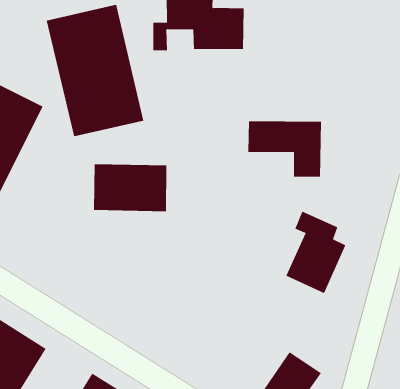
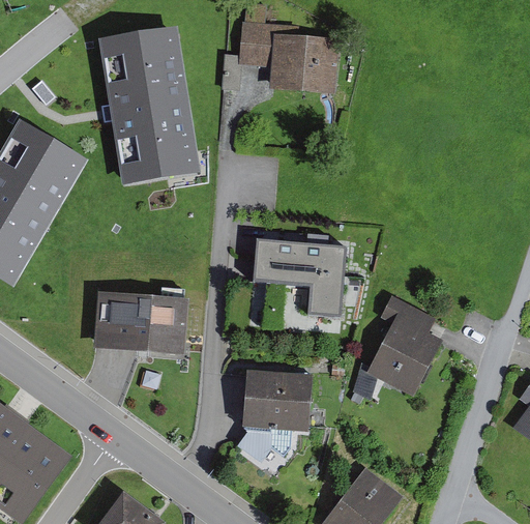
building: [248,121,322,177] -> [254,245,347,320]
building: [93,164,167,212] -> [93,294,187,358]
building: none -> [236,375,313,461]

